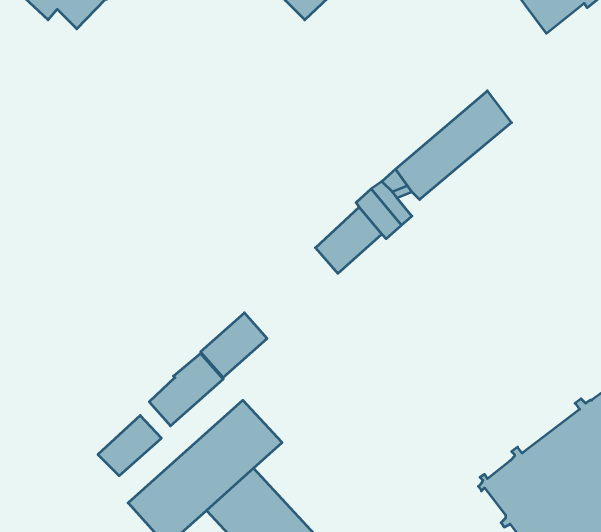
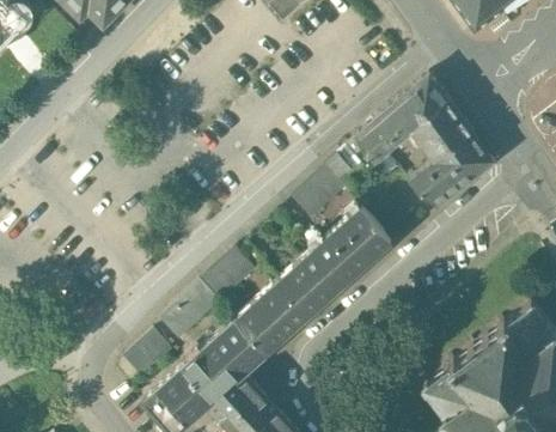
building: none -> [405,101,495,207]
building: none -> [236,208,392,354]

